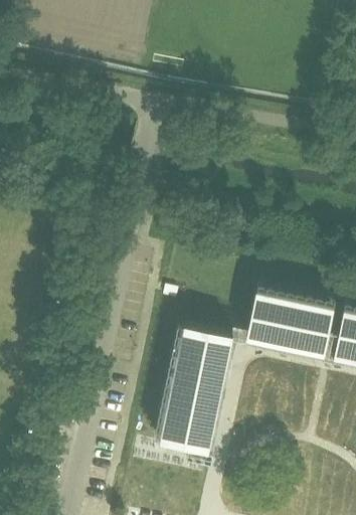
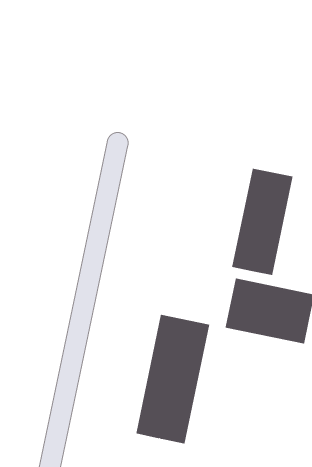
building: none -> [232,168,293,276]

